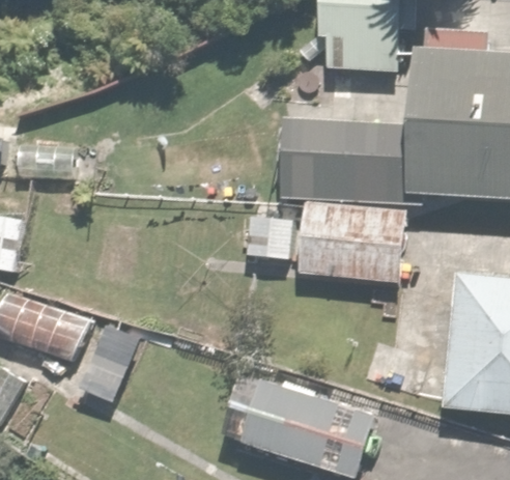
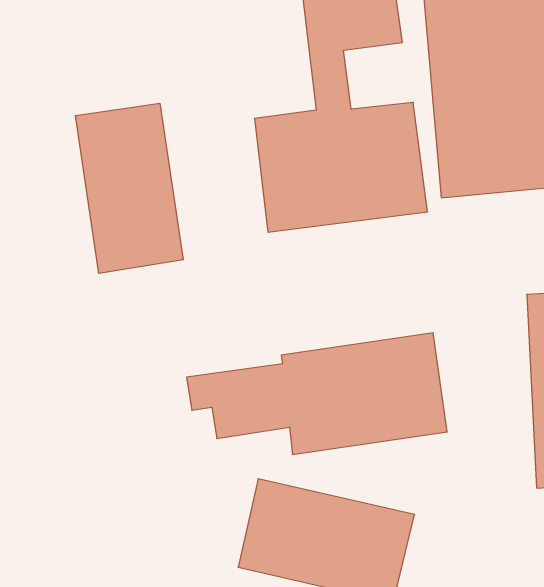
building: none -> [75,103,183,273]
building: [230,207,409,280] -> [187,333,447,455]

